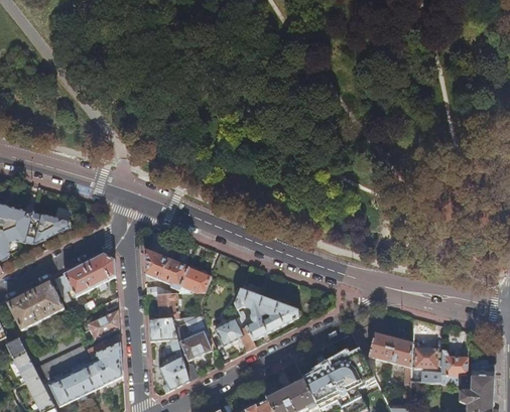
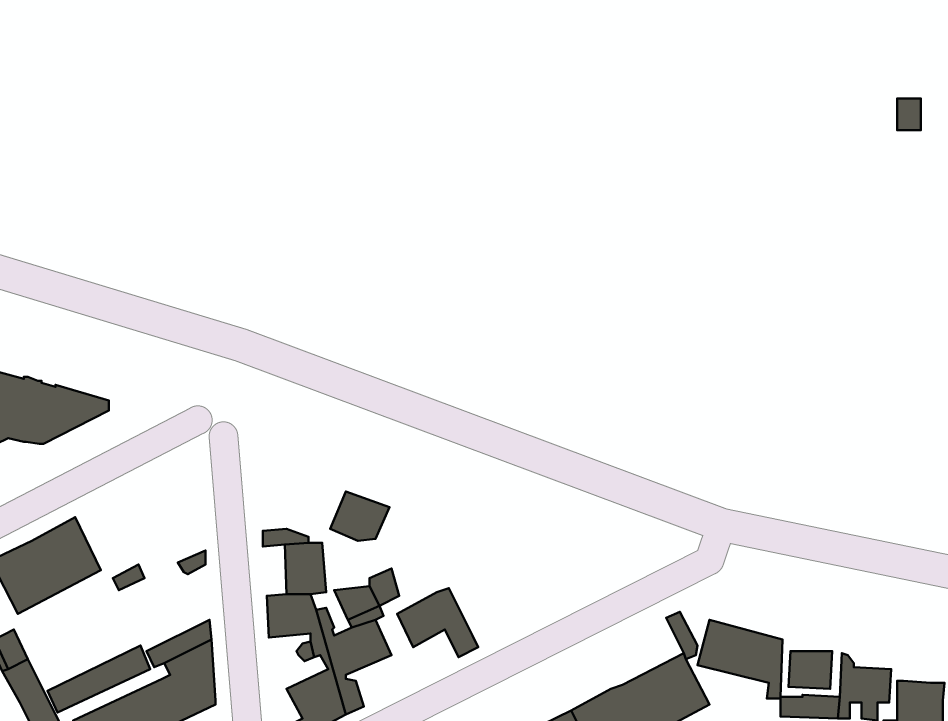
building: [144,248,188,290] -> none
building: [54,253,115,298] -> none
building: [235,288,298,340] -> none
building: [87,309,119,338] -> none

